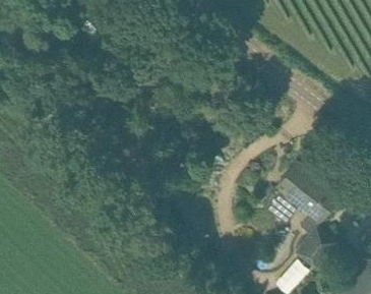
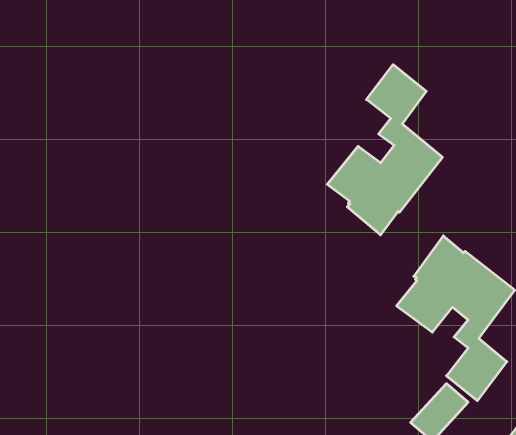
building: none -> [327,65,442,235]

